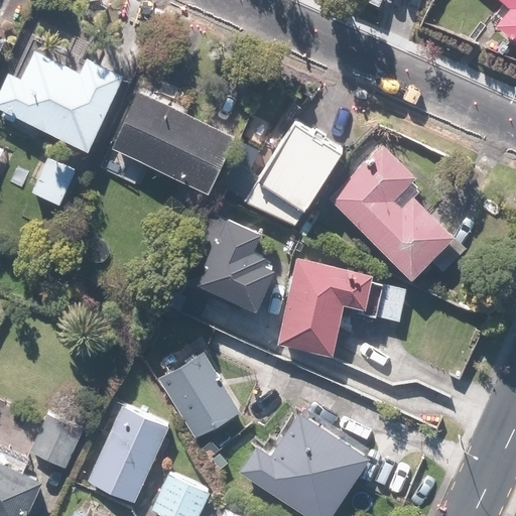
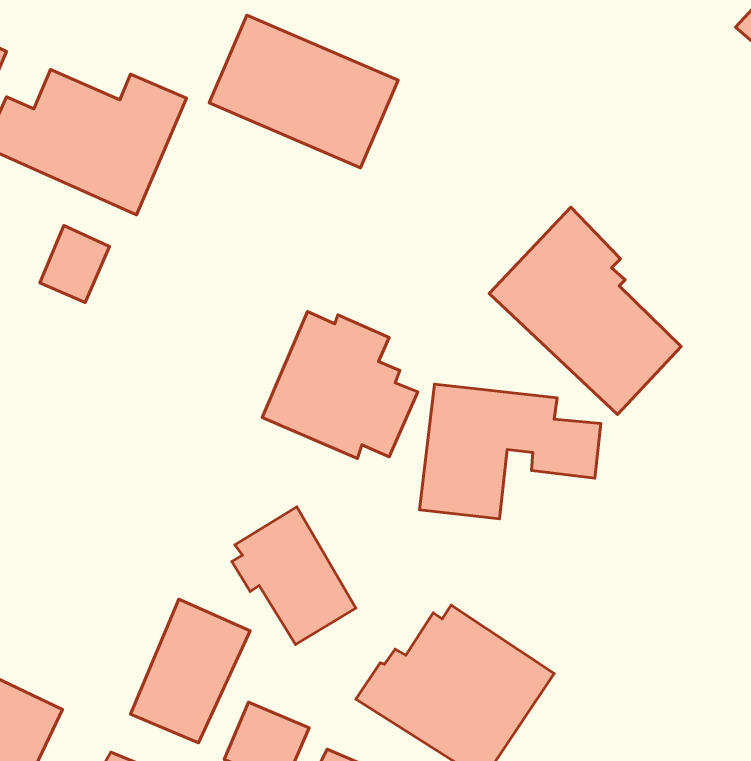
building: [110,93,236,195] -> [209,15,398,168]
building: [242,121,343,230] -> none
building: [25,411,85,473] -> none

